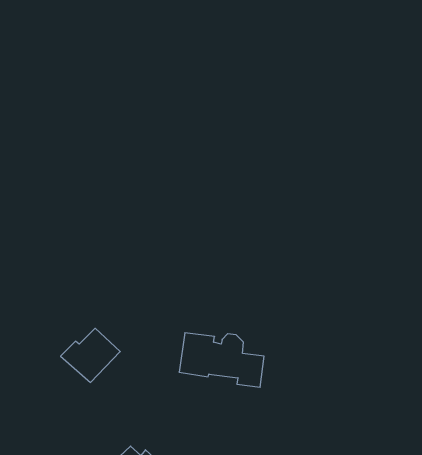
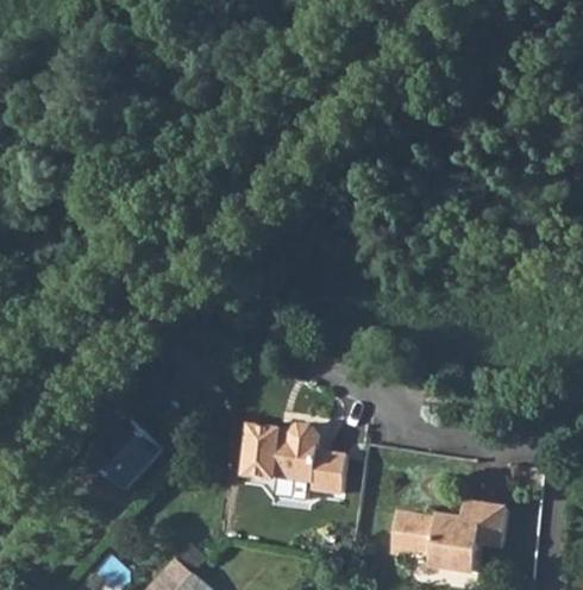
building: none -> [390,500,503,567]

